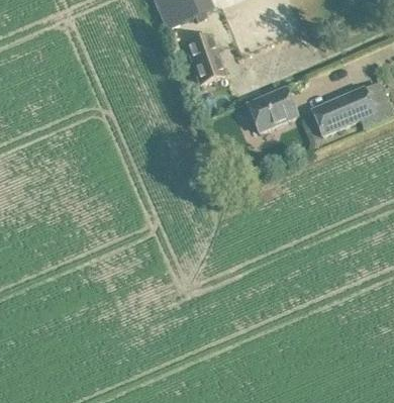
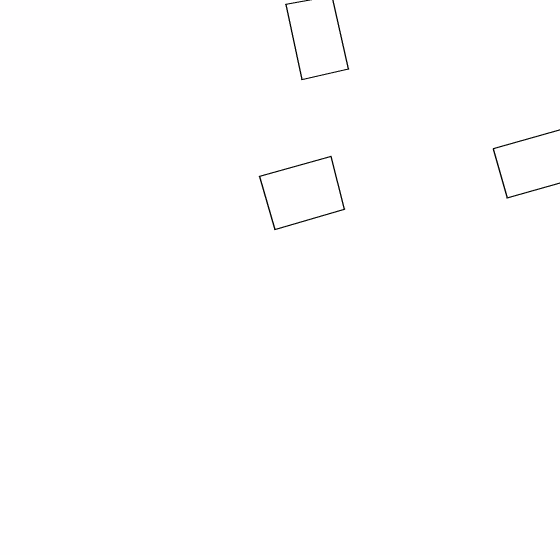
building: [248,87,297,131] -> [259,156,345,229]

